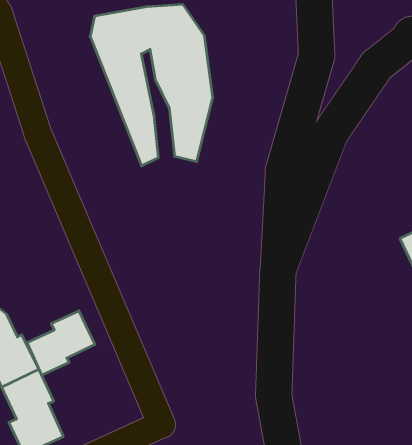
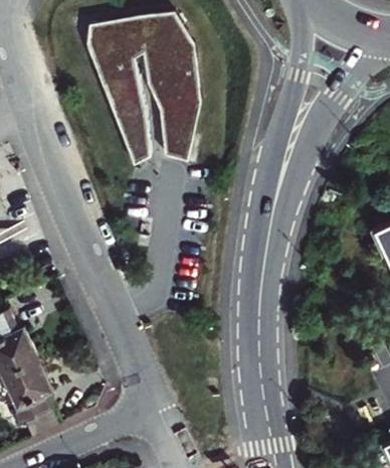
building: [27,311,95,375] -> none

